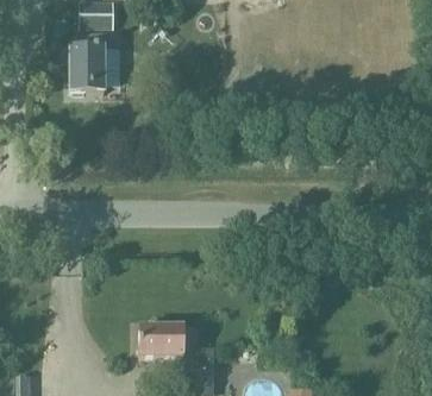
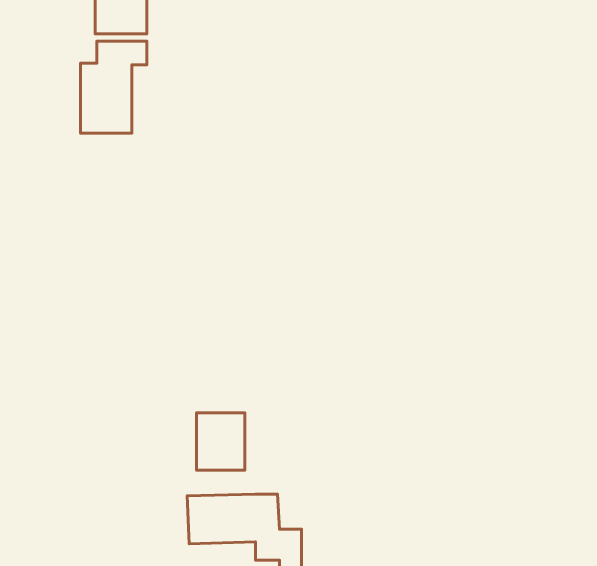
building: none -> [197,413,245,470]

